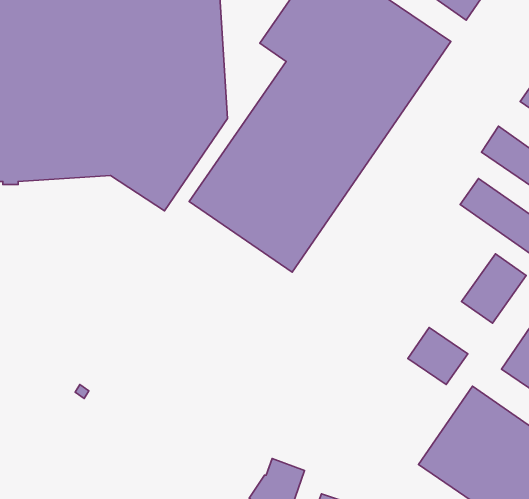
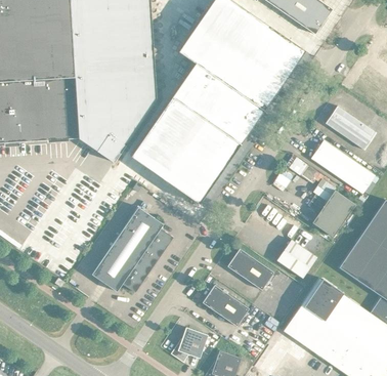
building: none -> [91,207,173,292]
building: none -> [227,248,274,290]
building: none -> [202,286,249,327]

